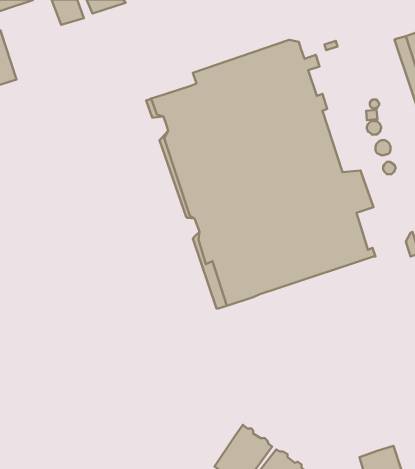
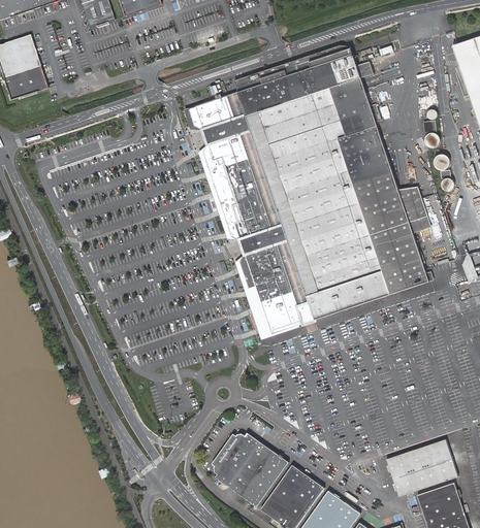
building: none -> [211,431,286,506]
building: none -> [386,442,457,499]

